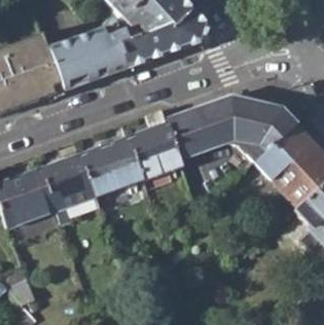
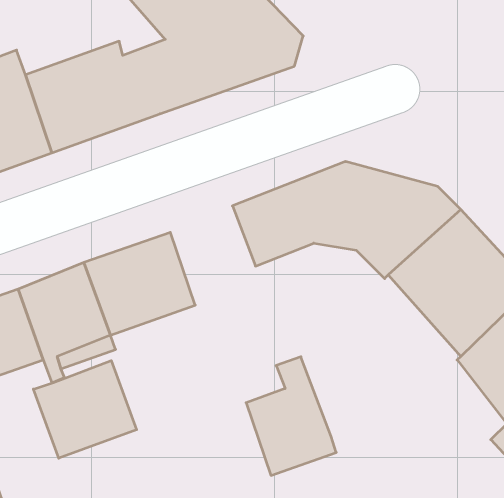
building: [130,111,182,180] -> [246,357,336,475]
building: none -> [33,361,137,458]

